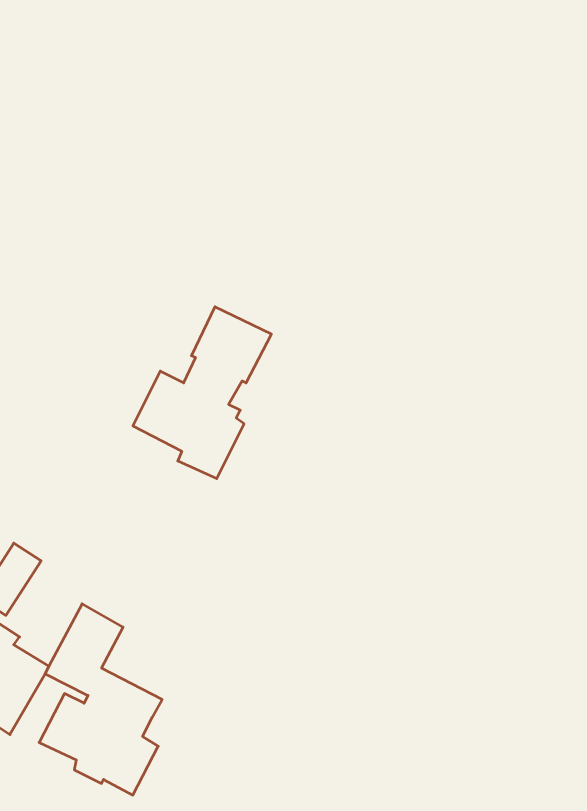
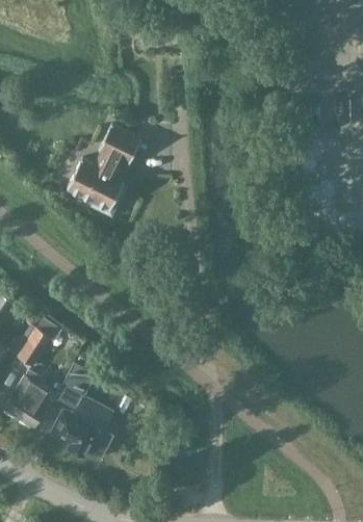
building: [133,307,271,479] -> [71,125,145,216]

